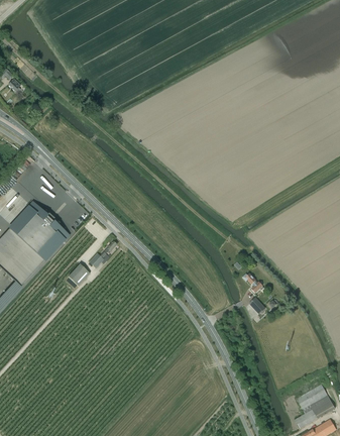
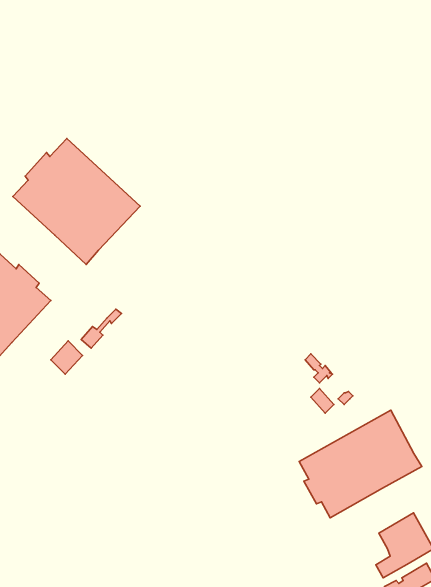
building: none -> [13,138,140,264]
building: none -> [299,410,422,518]

